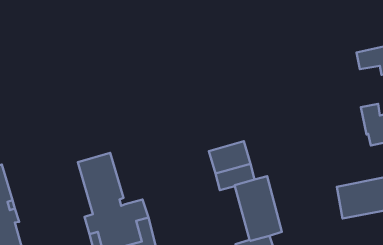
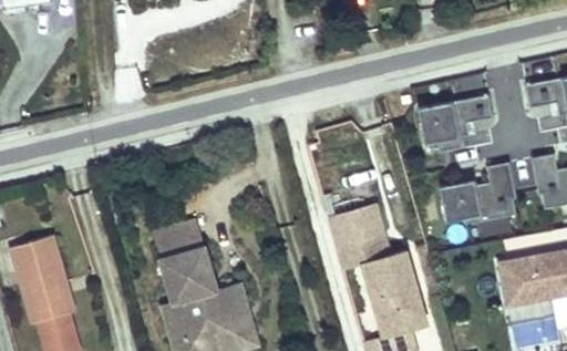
building: none -> [419,95,493,153]
building: none -> [440,163,516,225]

